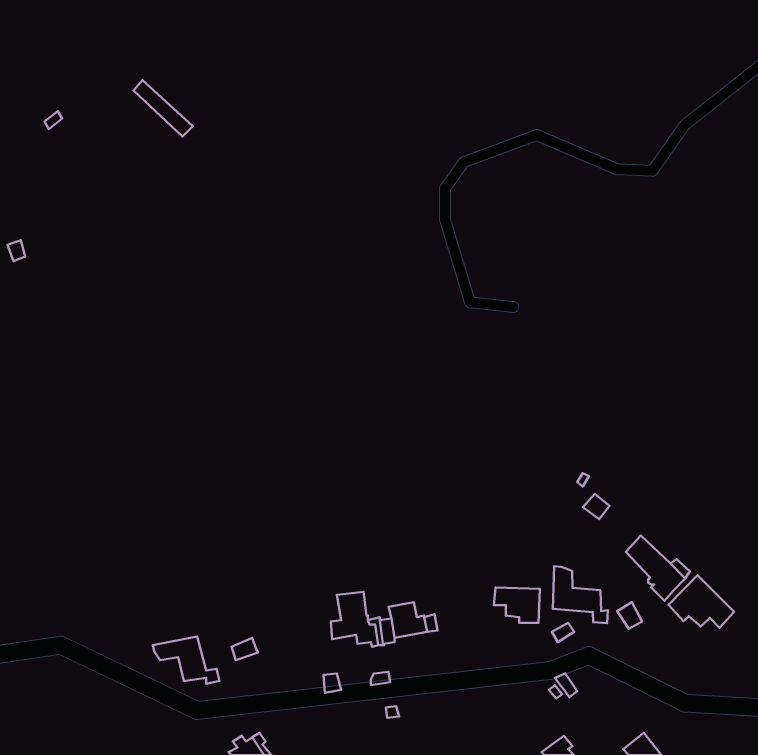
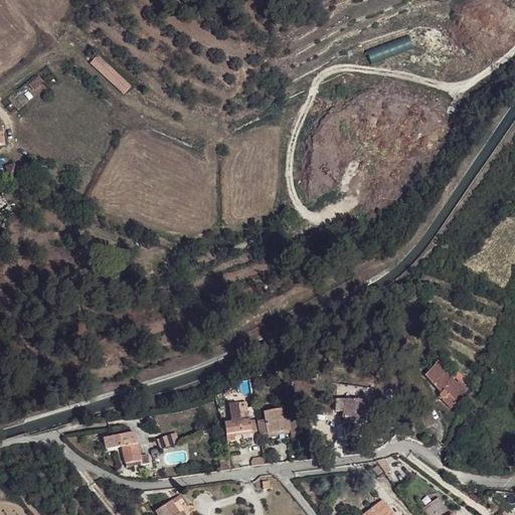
building: [553,566,608,623] -> none
building: [668,575,734,628] -> none

